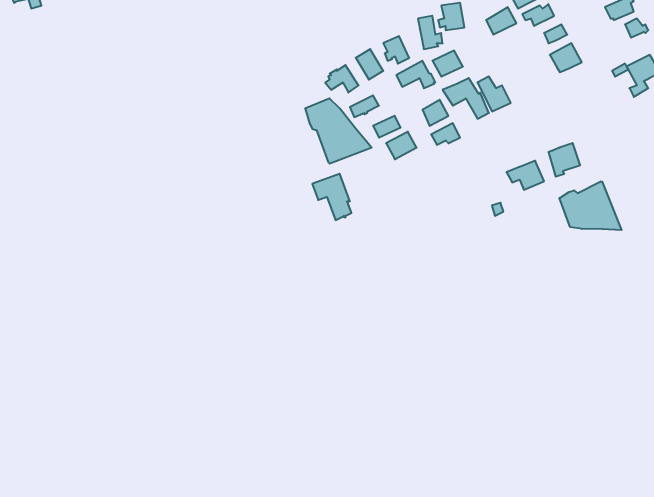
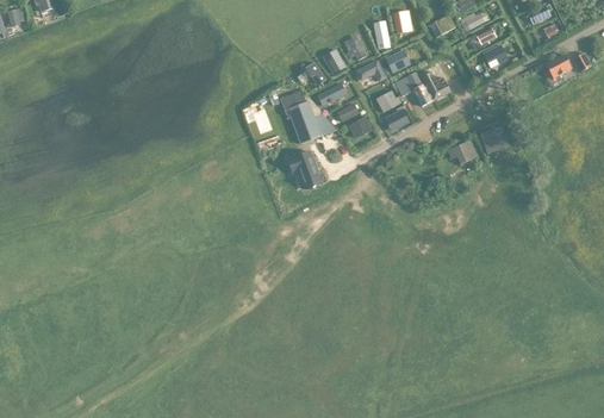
building: [559,181,622,230] -> none

